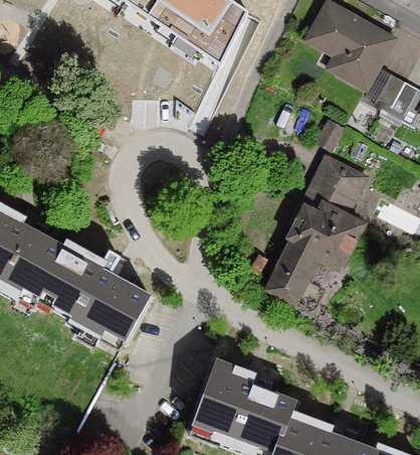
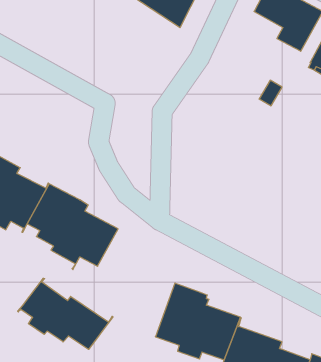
building: [266,157,364,311] -> none
building: none -> [18,278,113,349]

